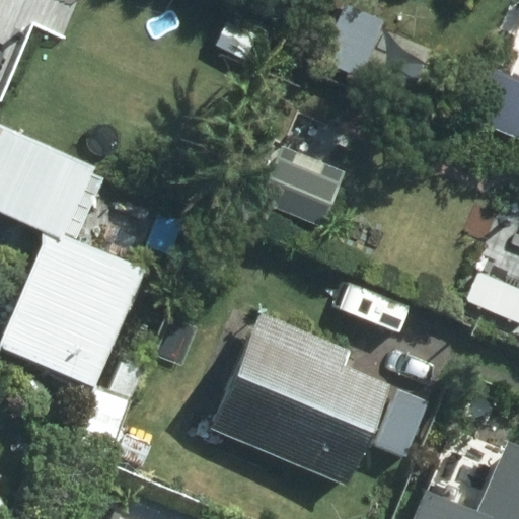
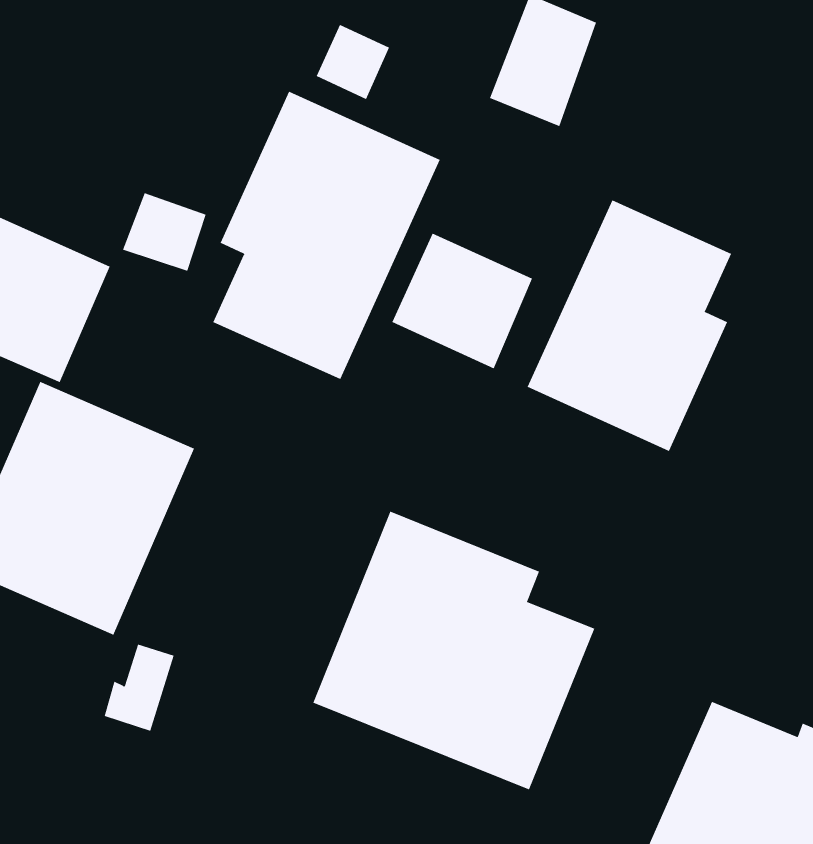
building: none -> [213,91,440,380]
building: none -> [527,199,732,452]

